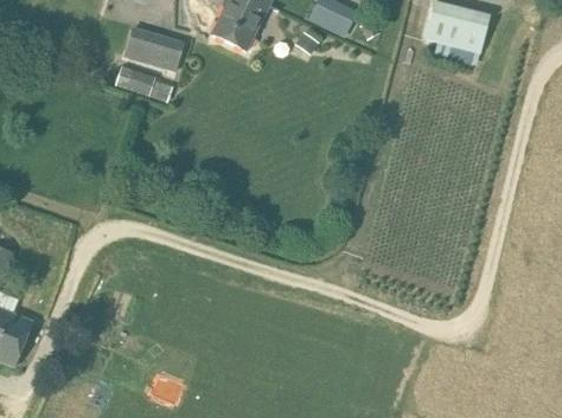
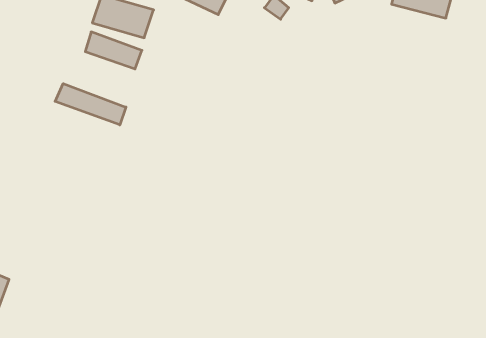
building: none -> [55,84,126,125]

